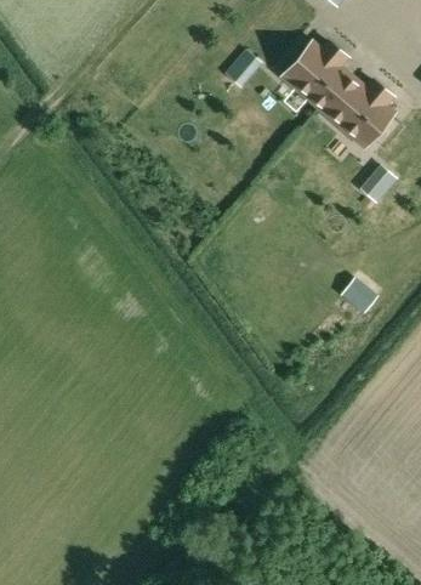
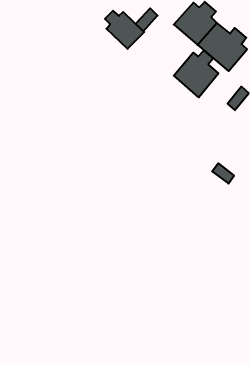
building: none -> [105,11,144,49]
building: none -> [174,50,218,97]

